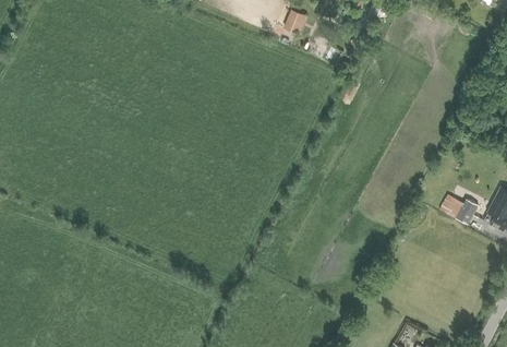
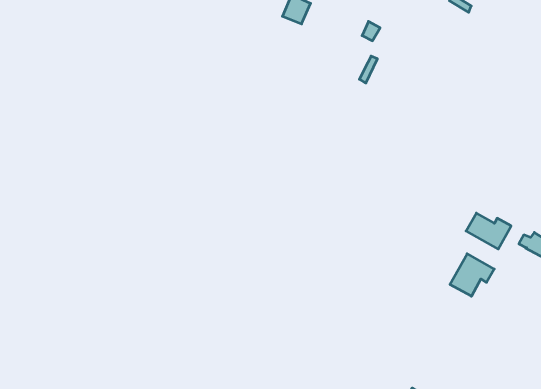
building: none -> [450,254,494,296]

